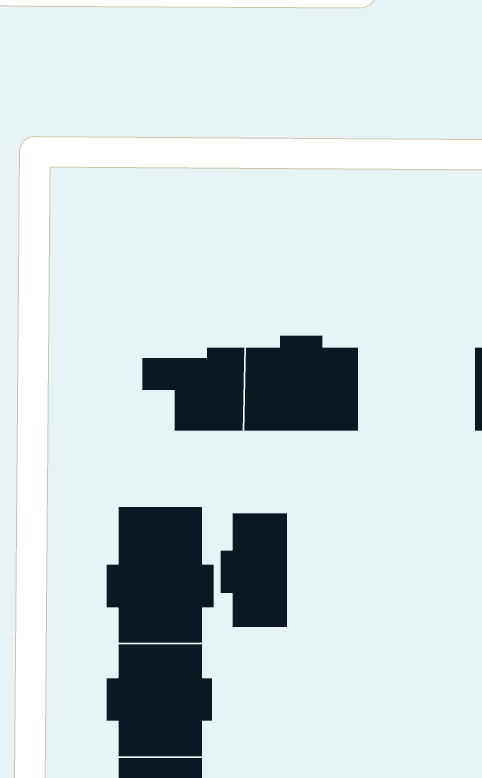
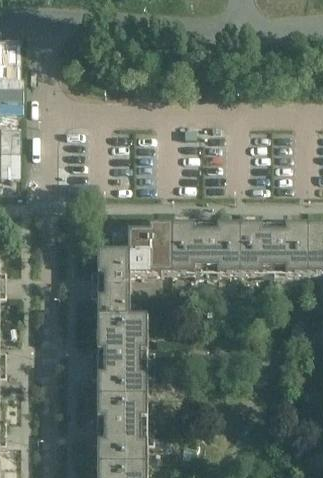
building: none -> [238,216,306,273]
building: [220,512,288,628] -> [89,249,129,317]

